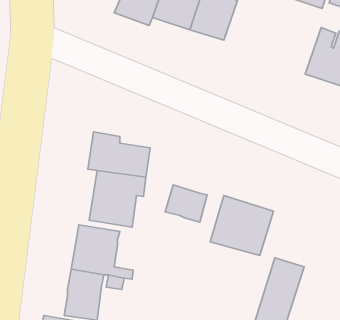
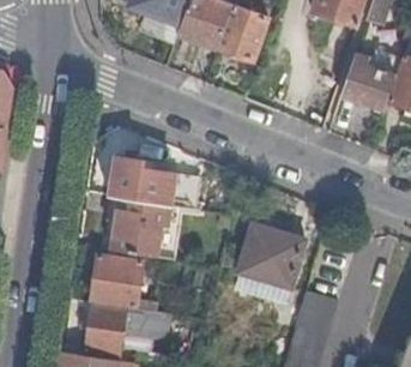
building: [165,185,207,222] -> none

